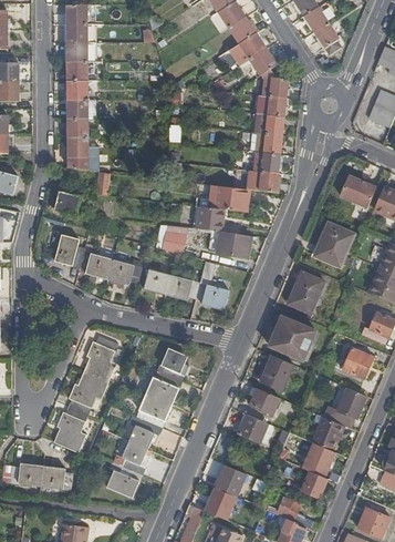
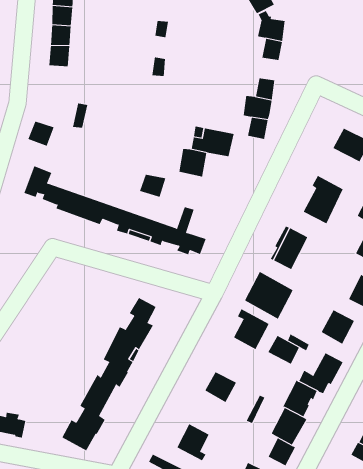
building: [253,114,283,135] -> none
building: [67,137,87,170] -> none
building: [217,232,249,256] -> none
building: [52,335,116,453] -> none
building: [249,388,279,415] -> [267,335,300,364]

